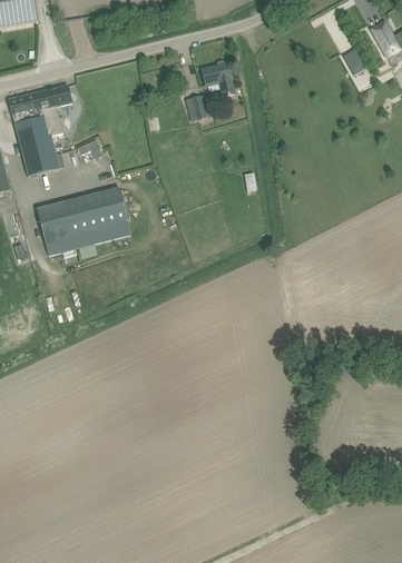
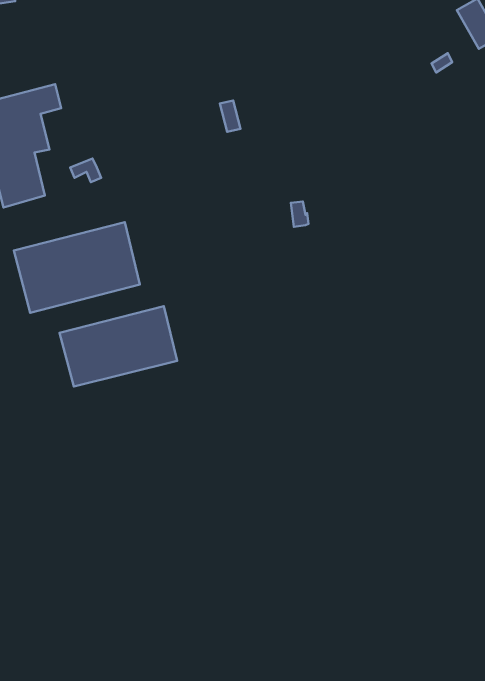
building: [200,60,235,98] -> none
building: none -> [59,306,177,387]

